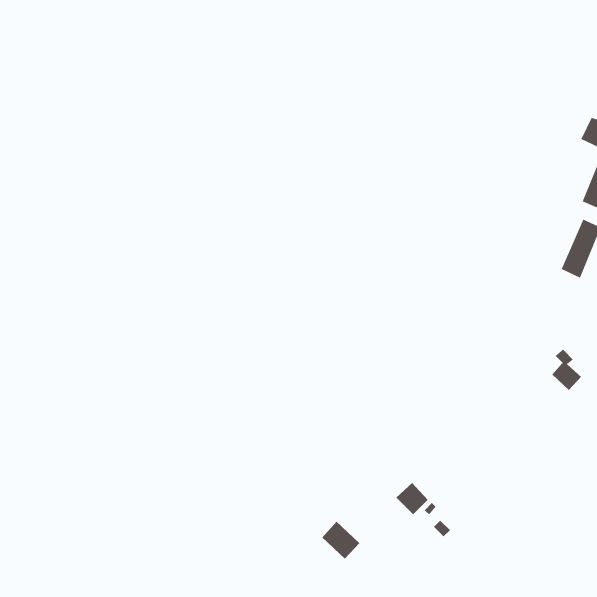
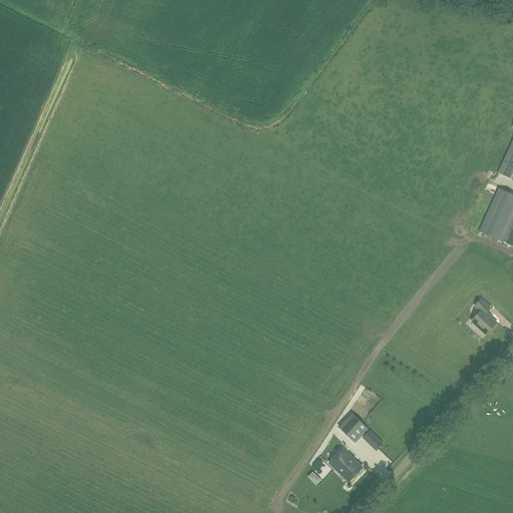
building: [321,521,360,560] -> [331,448,364,481]

